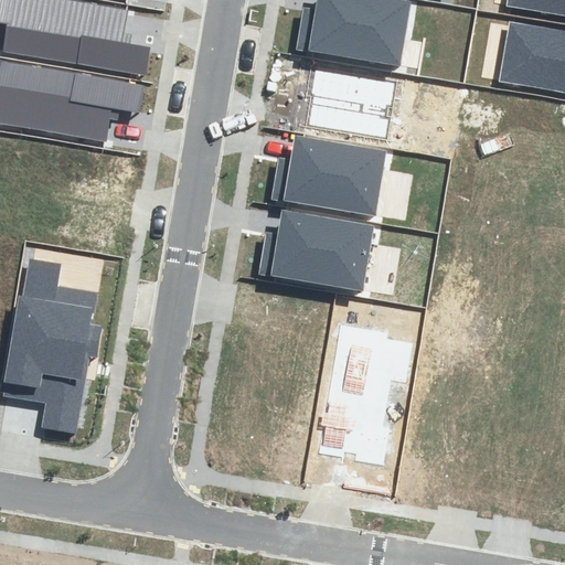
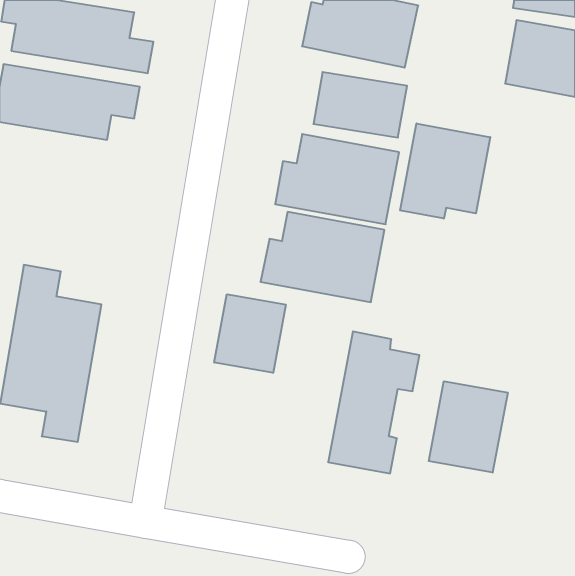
building: none -> [400,123,490,219]
building: none -> [214,294,286,373]
building: none -> [429,381,508,473]

